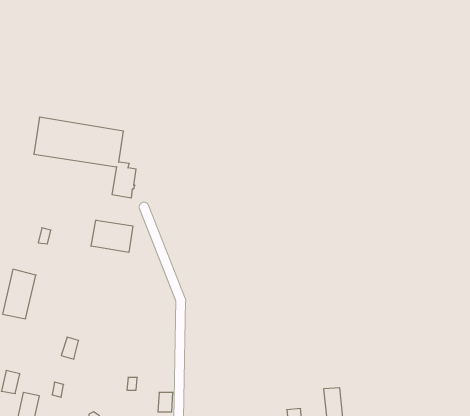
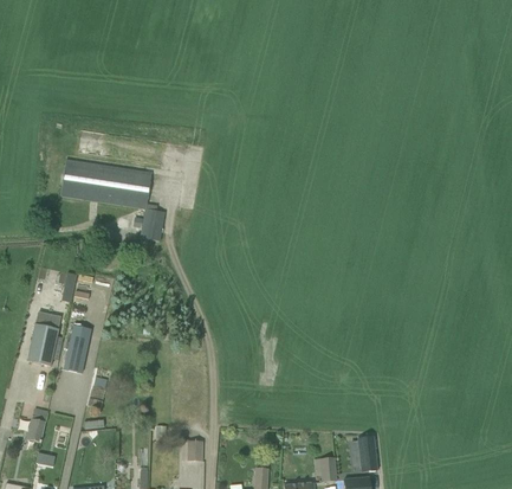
building: [91,220,133,252] -> none
building: none -> [63,324,91,373]

